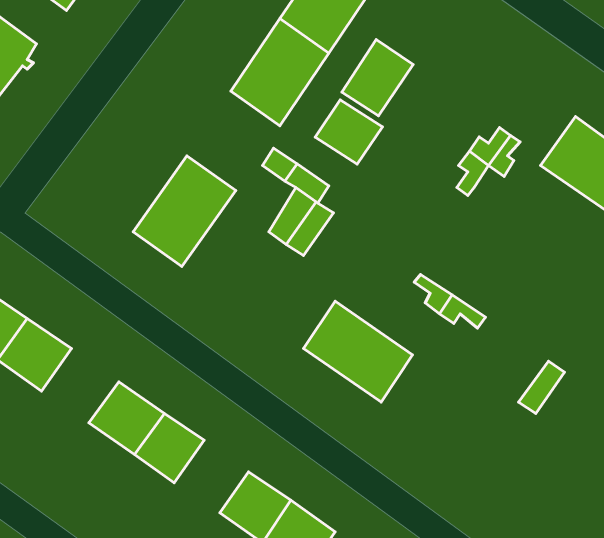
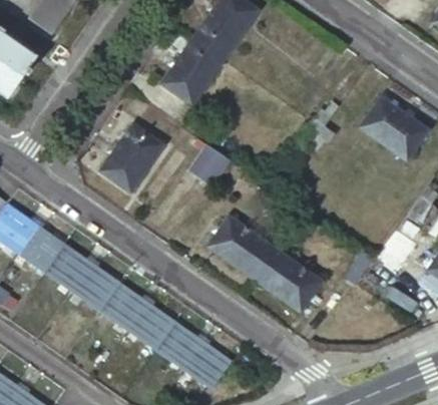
building: [342,39,413,116] -> none
building: [315,100,382,164] -> none
building: none -> [43,246,92,293]
building: none -> [259,250,325,312]
building: none -> [127,304,174,350]

